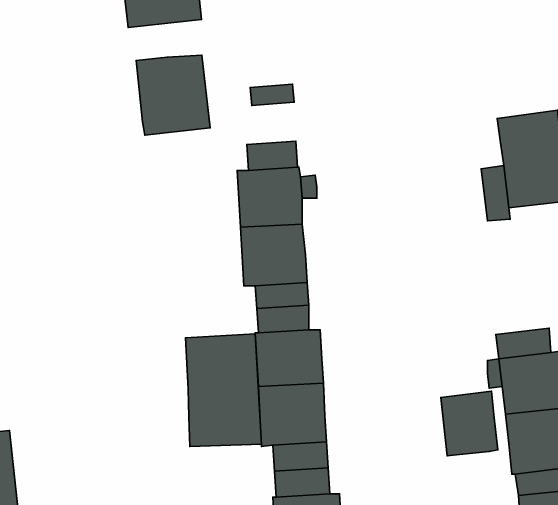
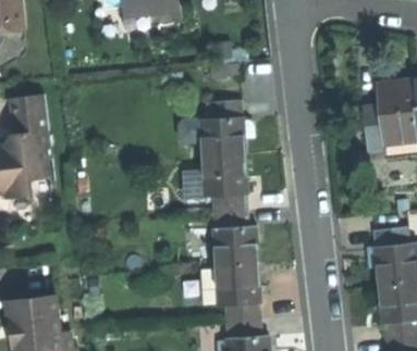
building: [136,55,210,135] -> none
building: [186,334,261,446] -> none
building: [441,391,498,456] -> none

